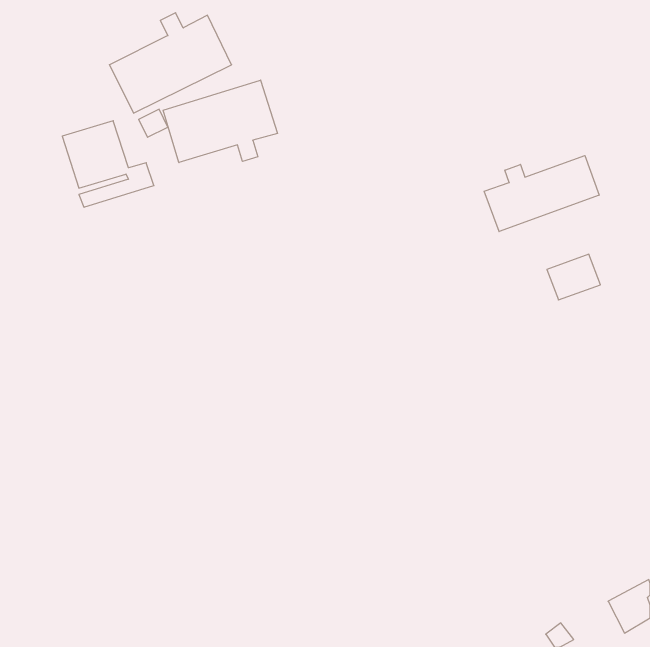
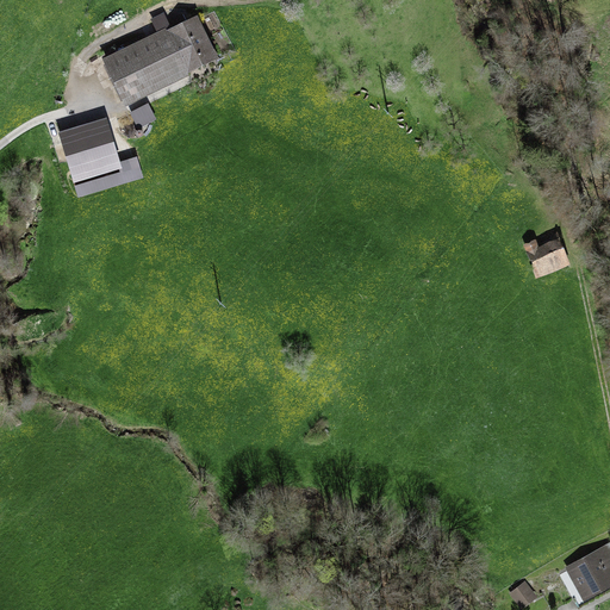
building: [163,80,277,163] -> none
building: [484,156,599,232] -> none

